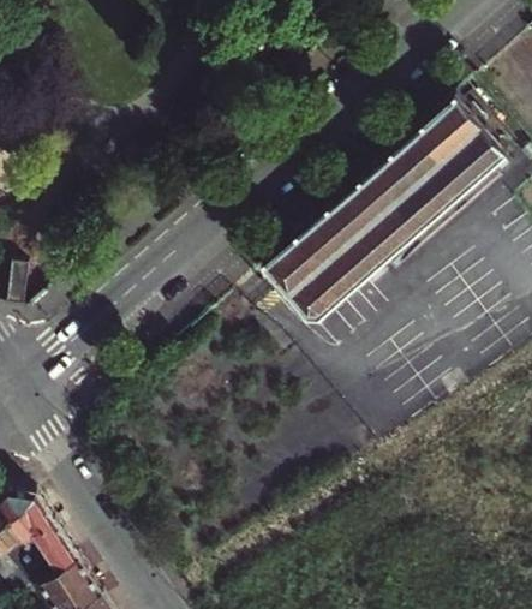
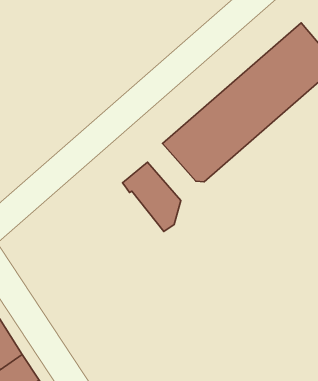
building: none -> [122,162,181,231]

